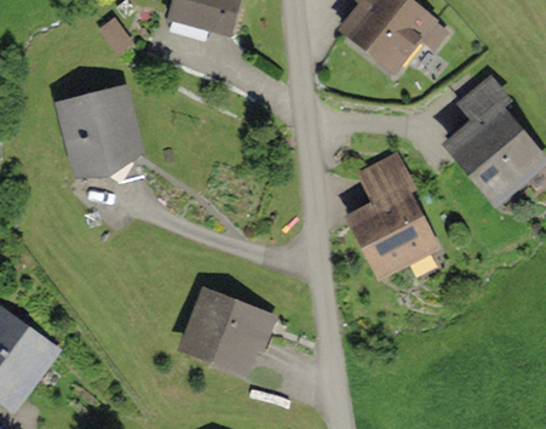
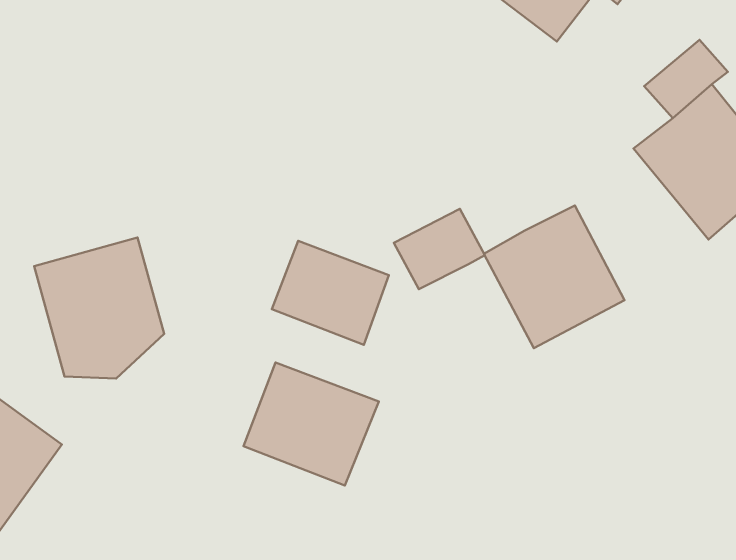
building: [56,85,144,181] -> [34,237,164,378]
building: [355,148,416,202] -> [394,209,485,289]
building: none -> [272,241,389,345]

